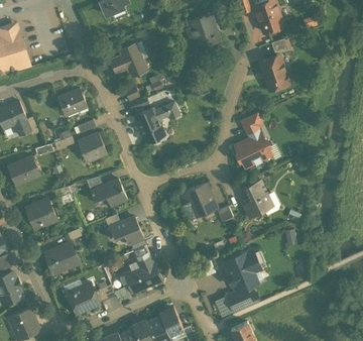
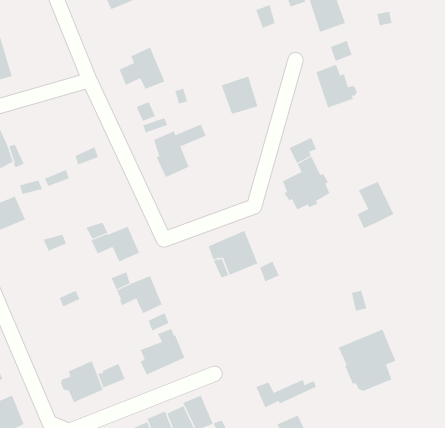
building: [190,15,218,44] -> [221,76,258,114]
building: [57,88,88,115] -> none
building: [77,131,107,161] -> none
building: [244,180,272,216] -> [357,181,394,229]
building: [25,198,56,228] -> none
building: [45,241,79,272] -> none
building: [219,246,263,294] -> [338,329,396,391]

